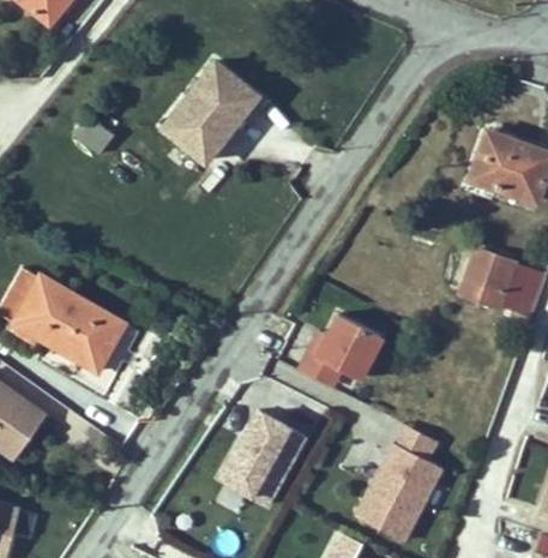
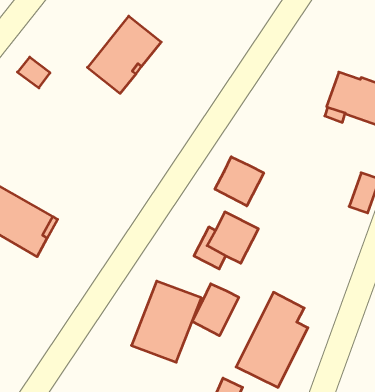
building: none -> [215,157,264,206]
building: [463,252,514,308] -> none
building: none -> [192,284,239,336]

